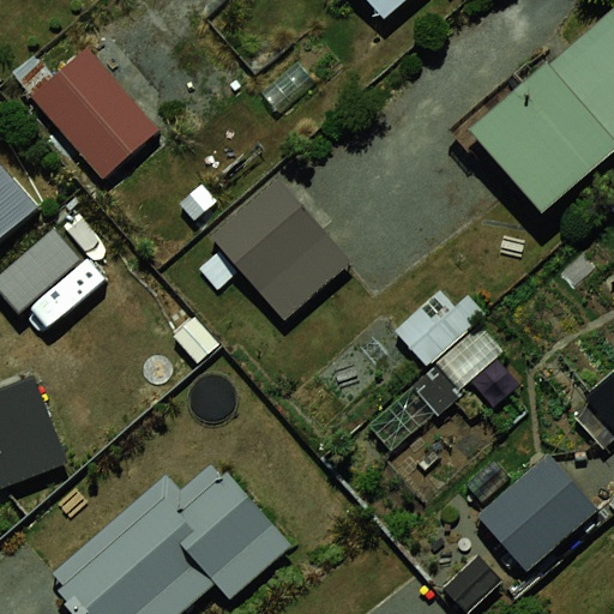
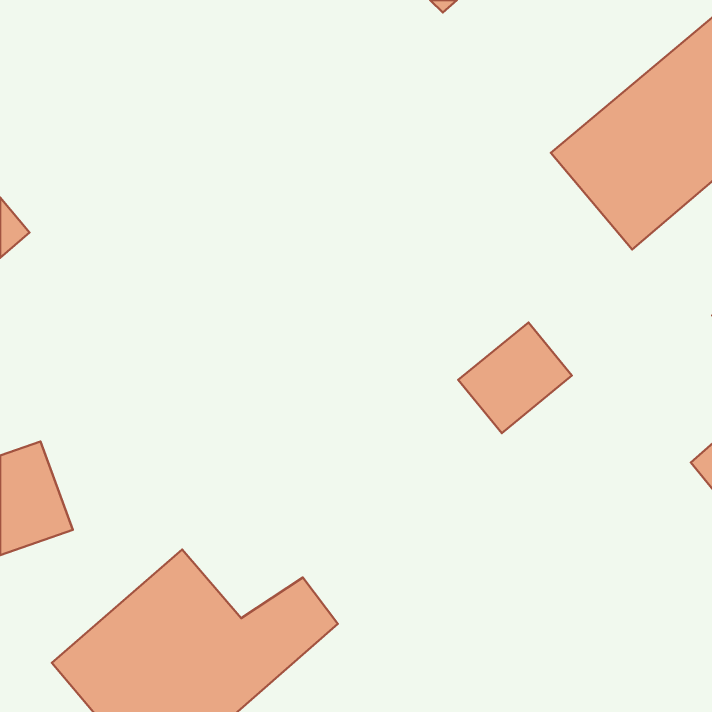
building: [12,40,158,176] -> none
building: [200,183,338,315] -> none
building: [472,444,607,577] -> none

